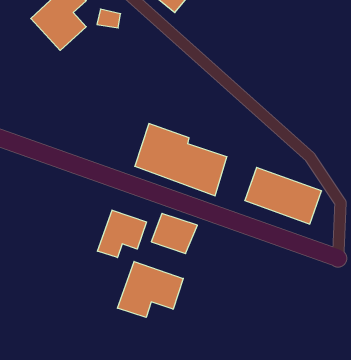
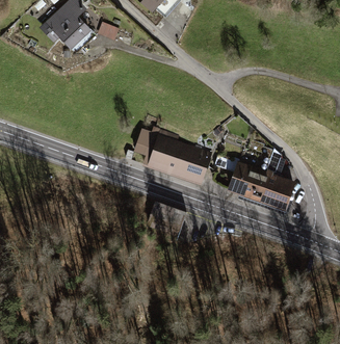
building: [97,210,146,258] -> none
building: [117,261,183,317] -> none

